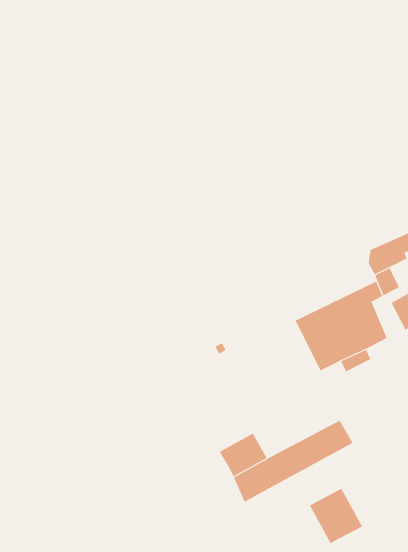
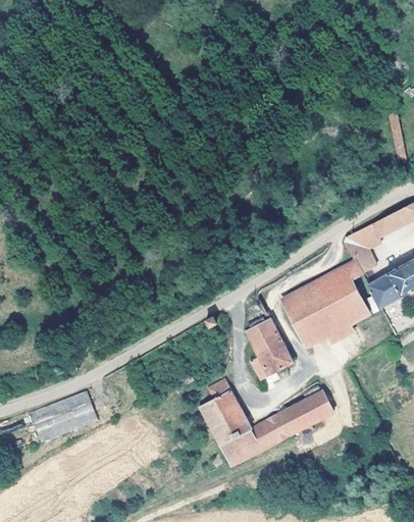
building: none -> [248,319,291,377]
building: none -> [200,379,240,421]
building: none -> [25,389,96,441]
building: [309,488,363,544] -> none

